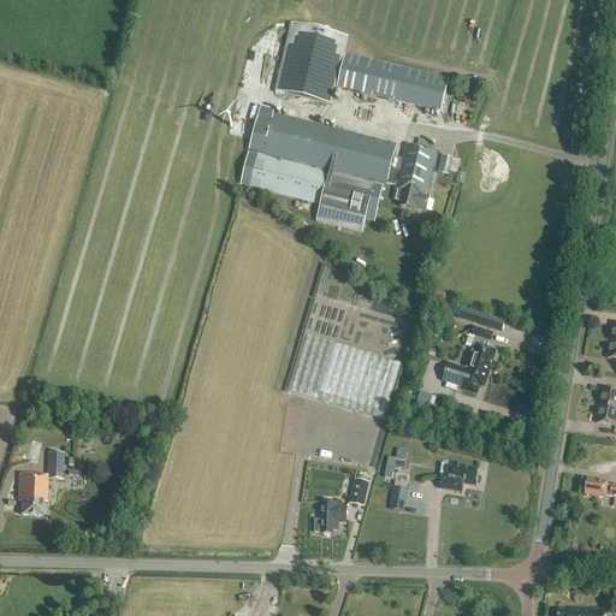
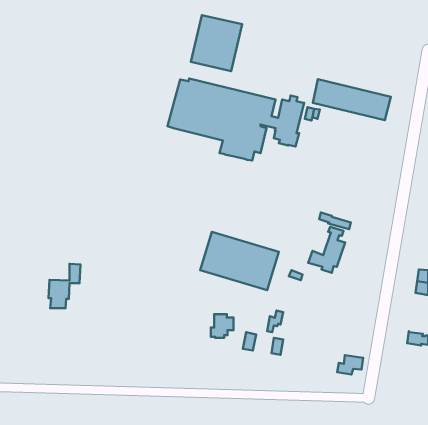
building: [337,52,449,111] -> [313,79,391,120]
building: [18,450,64,514] -> [49,264,80,308]
building: [440,463,478,491] -> [337,355,363,375]
building: [314,499,346,533] -> [211,314,234,338]

